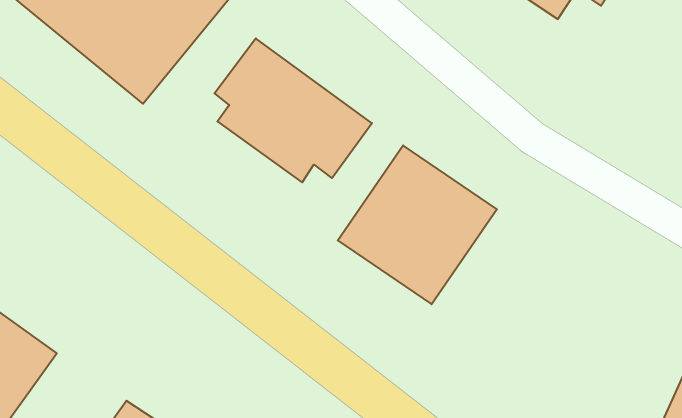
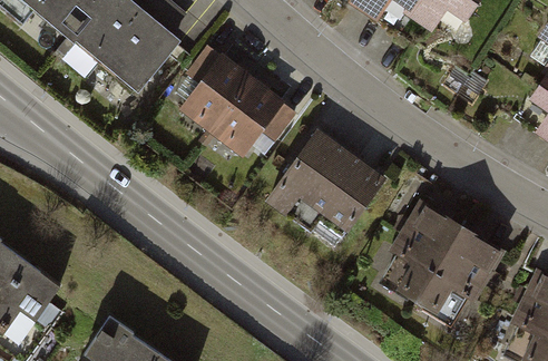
building: none -> [378,197,506,326]

